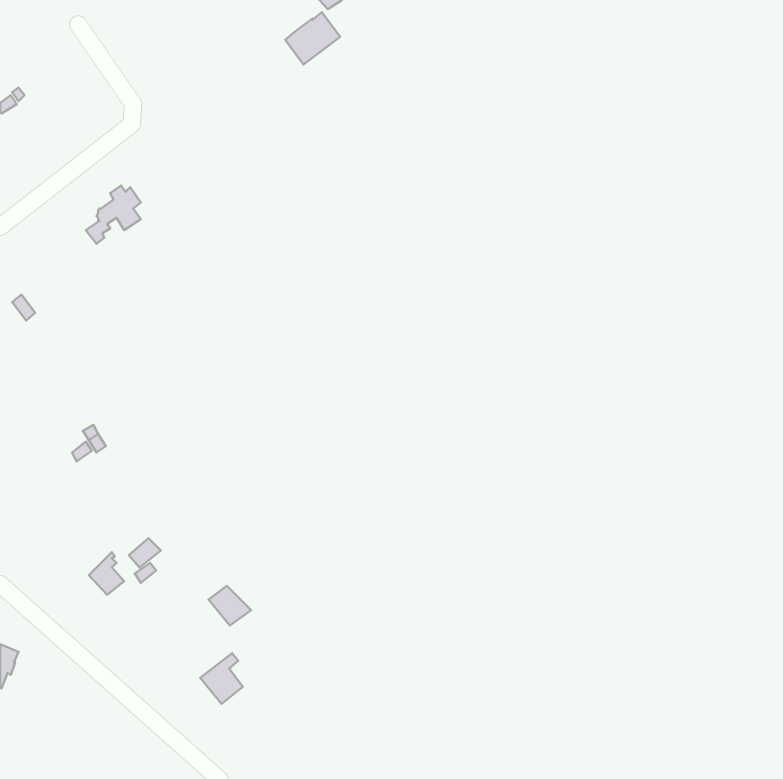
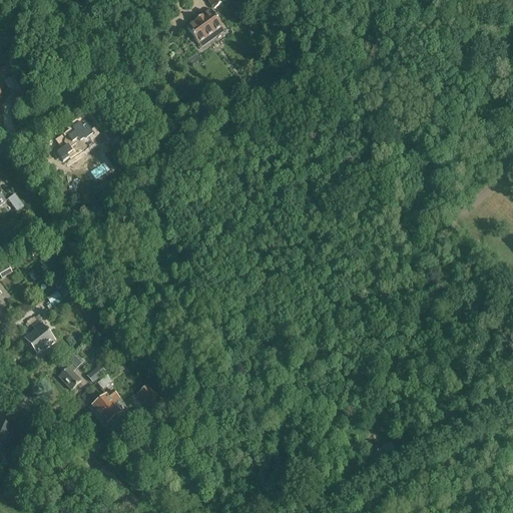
building: none -> [24,320,54,354]
building: [200,653,243,704] -> [91,389,119,422]

